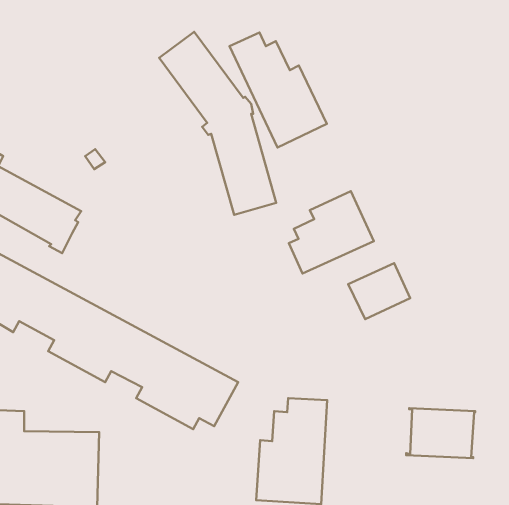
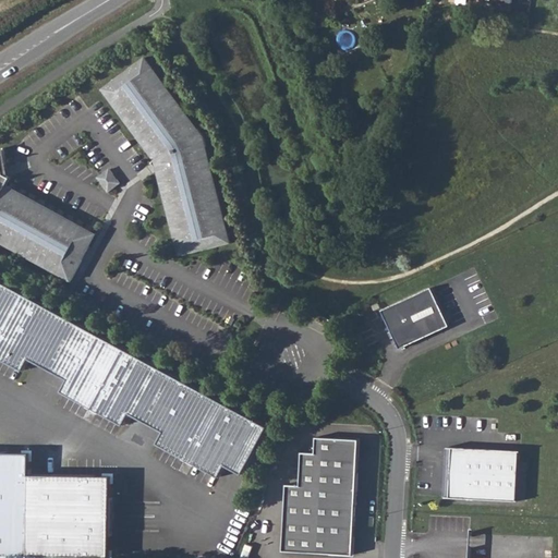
building: [159,32,276,215] -> [100,58,228,257]
building: [229,32,327,147] -> none
building: [289,191,374,273] -> none

